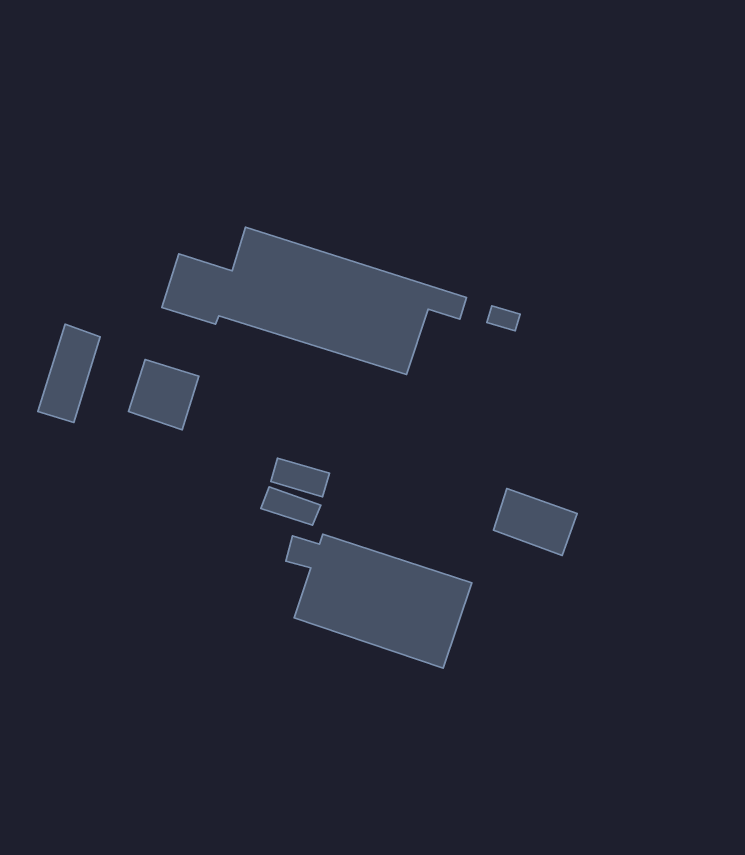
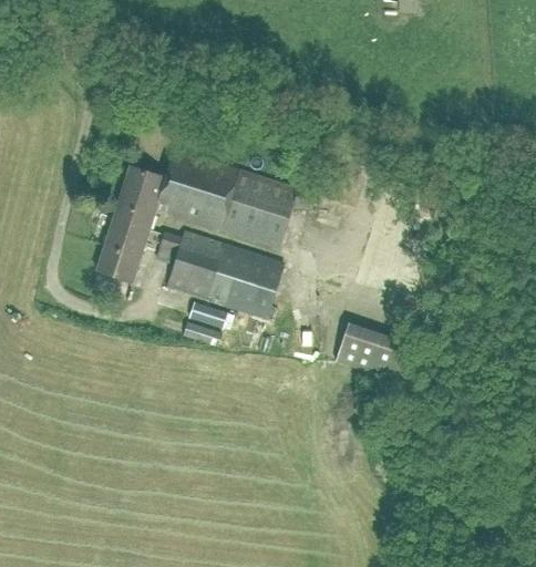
building: none -> [107,204,154,249]
building: [38,324,100,422] -> none
building: [286,534,472,668] -> [161,231,284,320]

